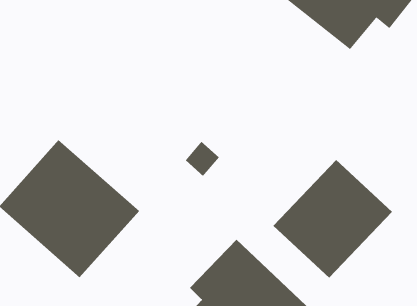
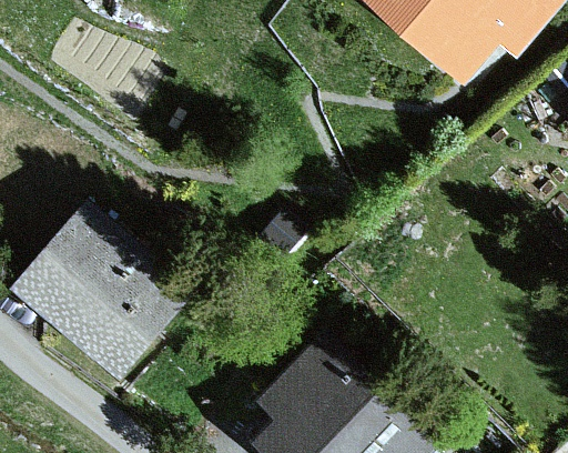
building: [273,159,393,279] -> none

